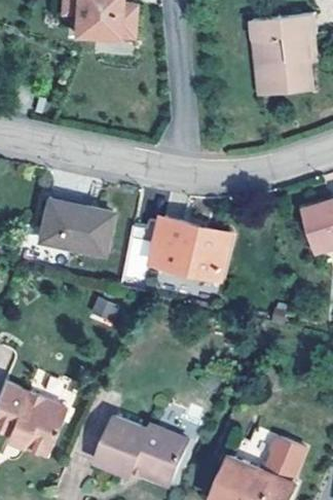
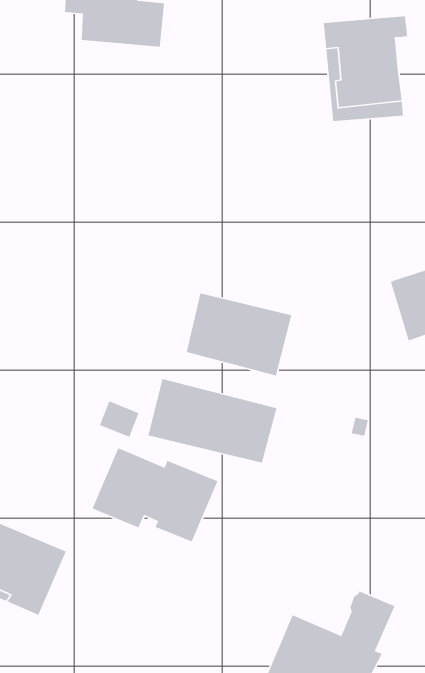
building: [39,199,112,255] -> none
building: none -> [148,378,278,463]
building: [96,417,189,487] -> [91,447,219,542]

